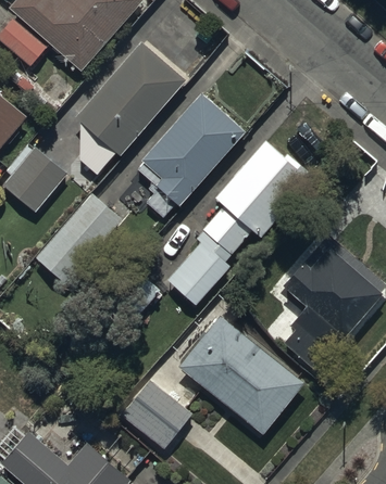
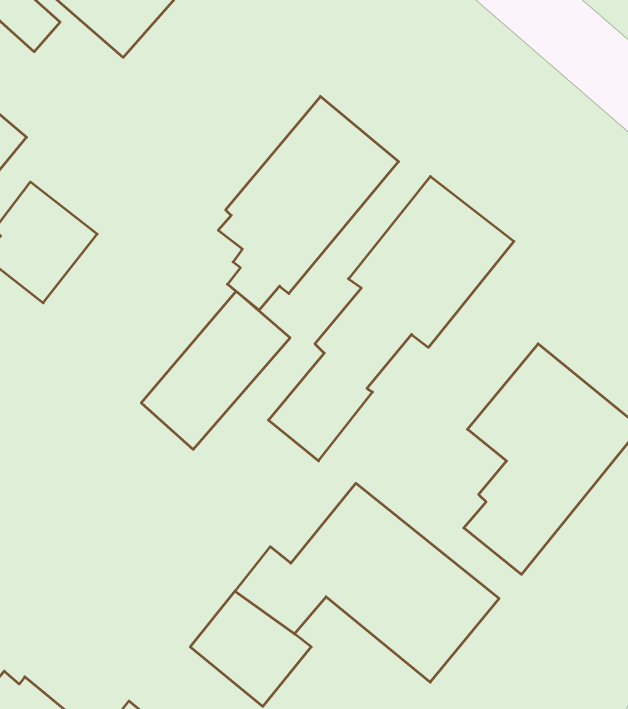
building: [78,41,184,175] -> none
building: [35,192,122,284] -> [141,291,290,449]

